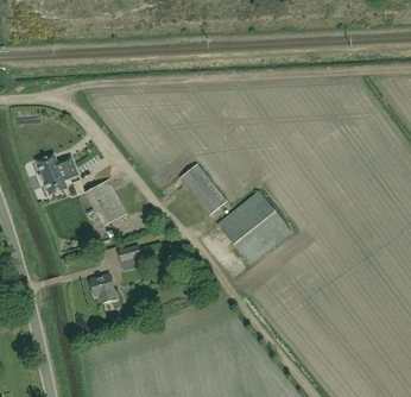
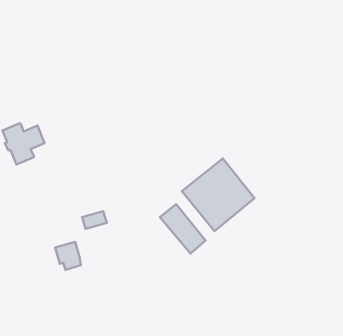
building: [179,166,226,216] -> [160,204,206,253]
building: [86,181,127,227] -> none

